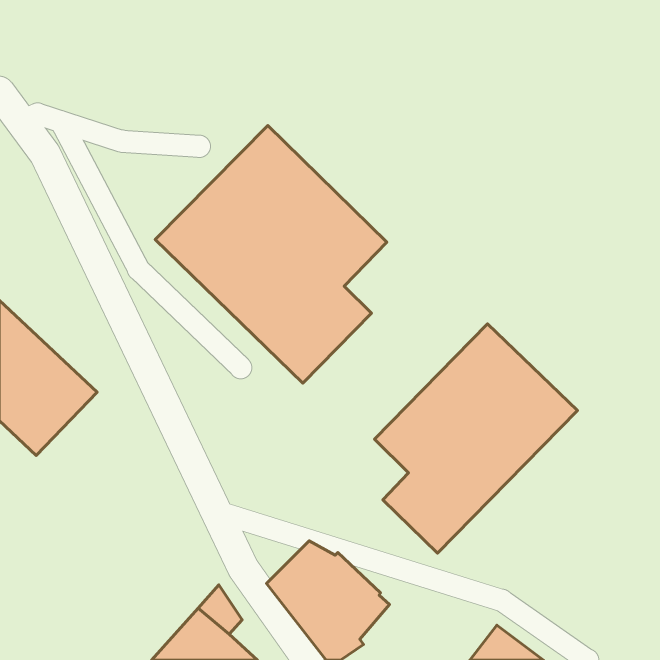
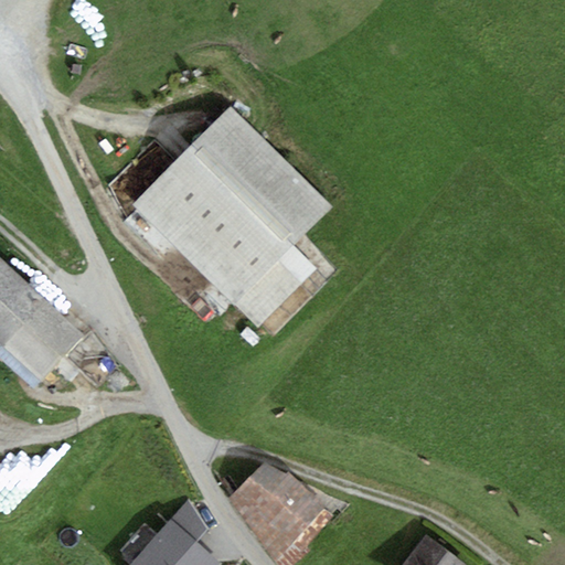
building: [375,324,577,553] -> none

